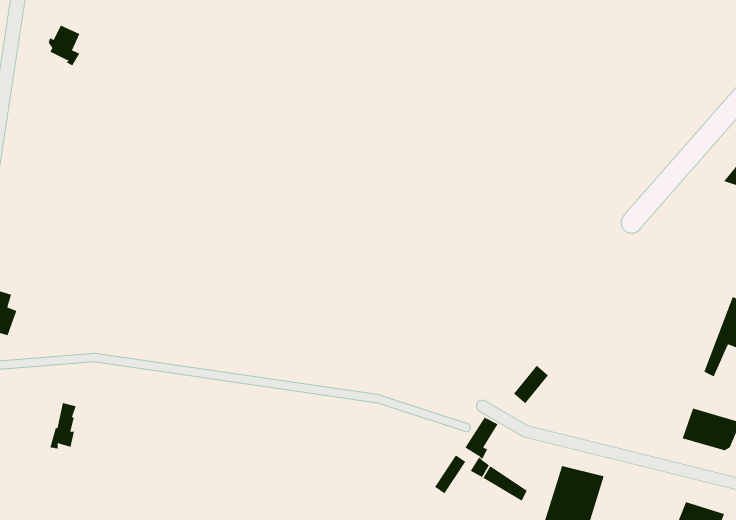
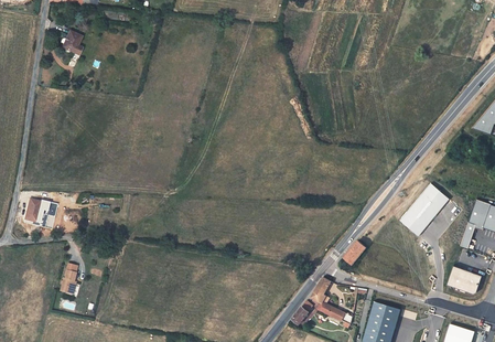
building: none -> [399,184,450,235]

